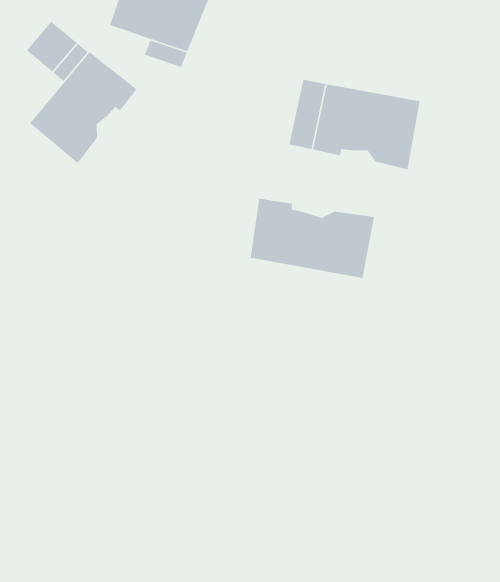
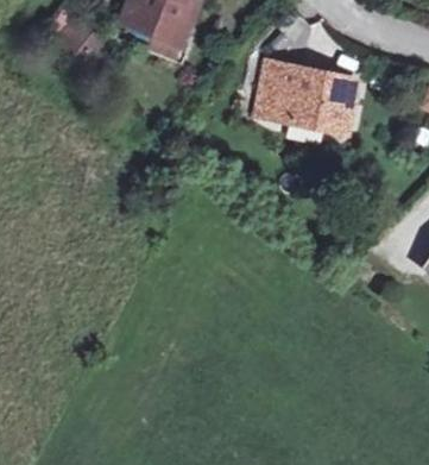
building: [29,51,138,164] -> none
building: [250,198,375,279] -> none

